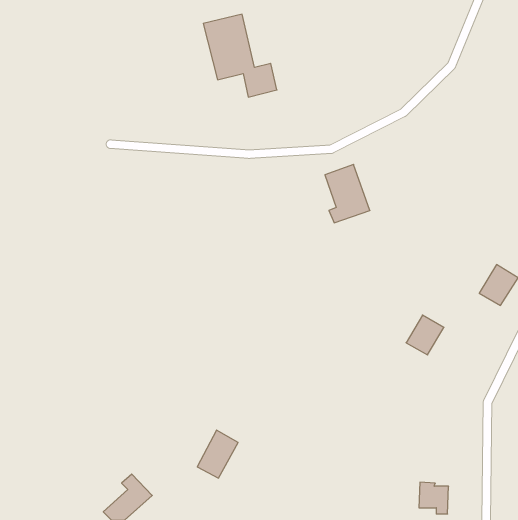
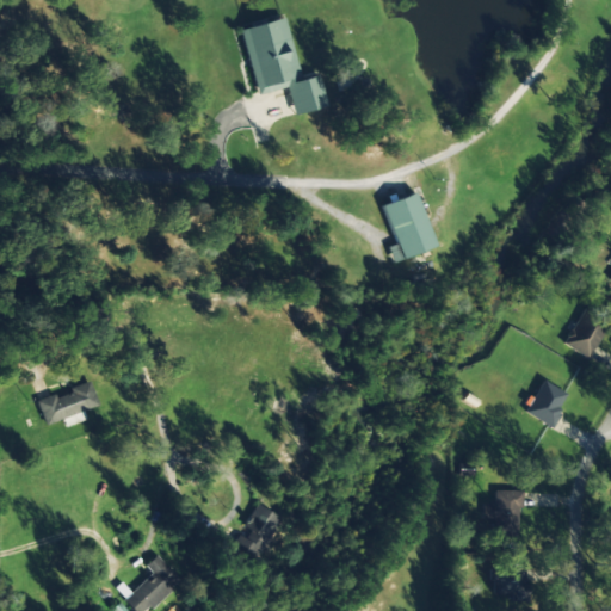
building: [406,315,444,355] -> [526,379,570,426]
building: none -> [39,379,101,425]
building: none -> [485,489,523,535]

